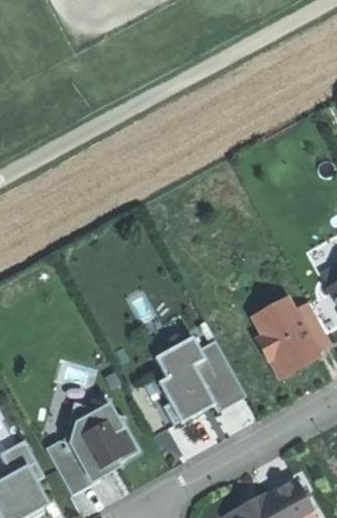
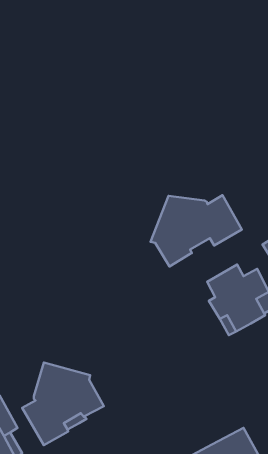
building: none -> [151,195,242,266]
building: [153,336,246,422] -> none

